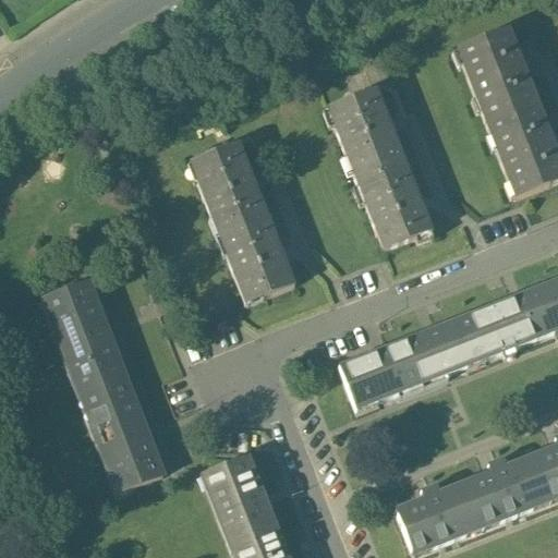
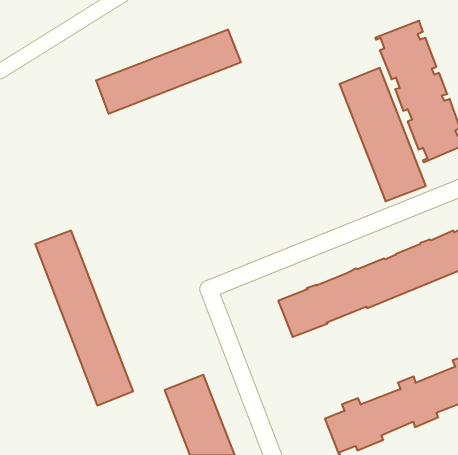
building: none -> [96,29,241,114]
building: [328,86,433,247] -> [339,68,426,201]
building: [190,141,294,302] -> none

